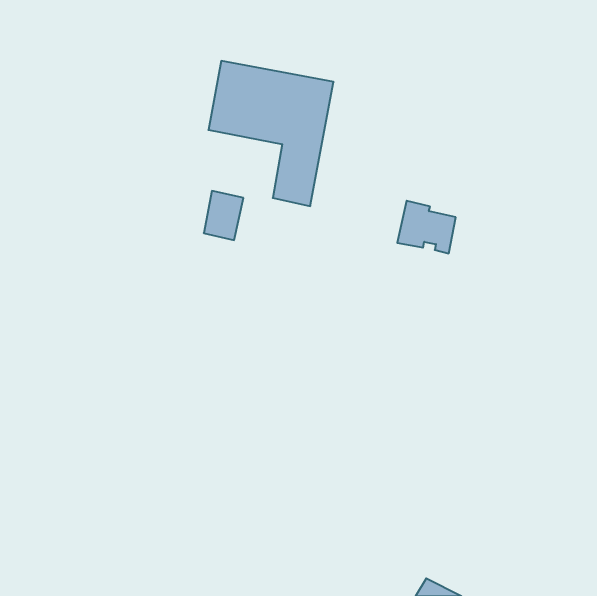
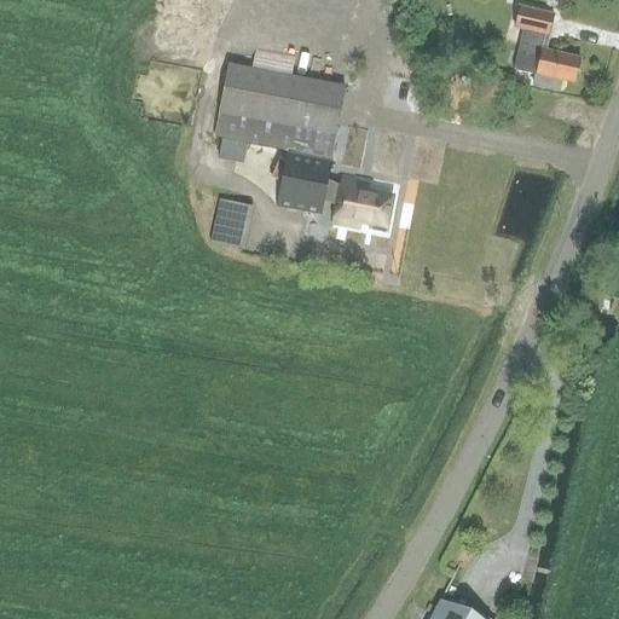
building: none -> [514,5,579,89]
building: [397,201,456,253] -> [331,177,392,231]

